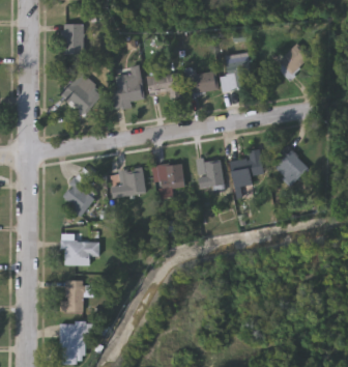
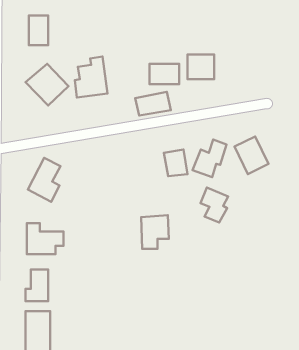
building: [276,45,309,78] -> none
building: [145,72,181,95] -> [135,92,171,115]
building: [156,164,184,198] -> [141,215,169,249]
building: [111,169,147,196] -> none
building: none -> [201,187,228,222]

